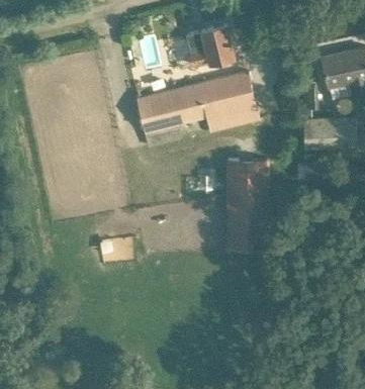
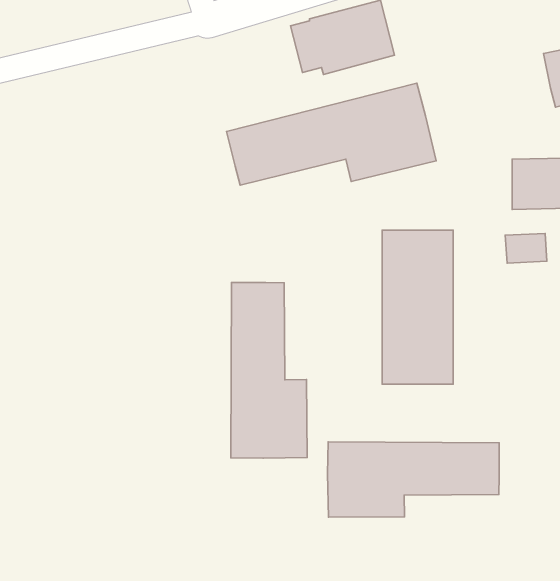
building: none -> [231,282,307,458]
building: none -> [328,442,499,517]

